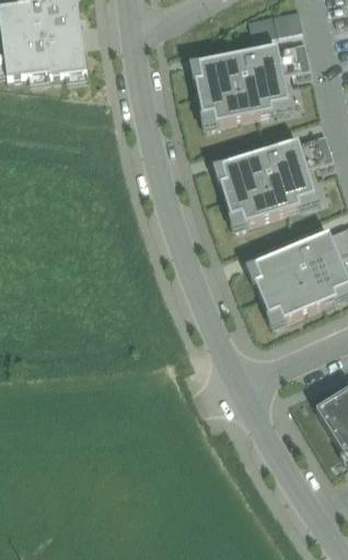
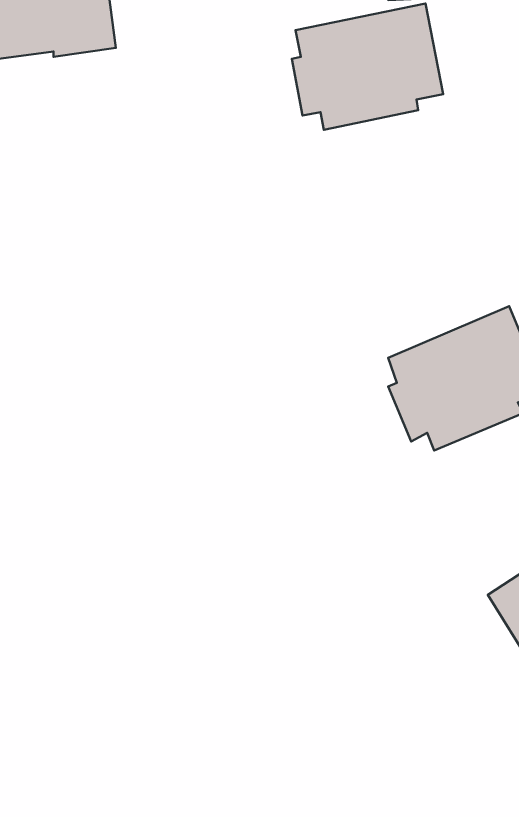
building: [219,138,314,221] -> none

